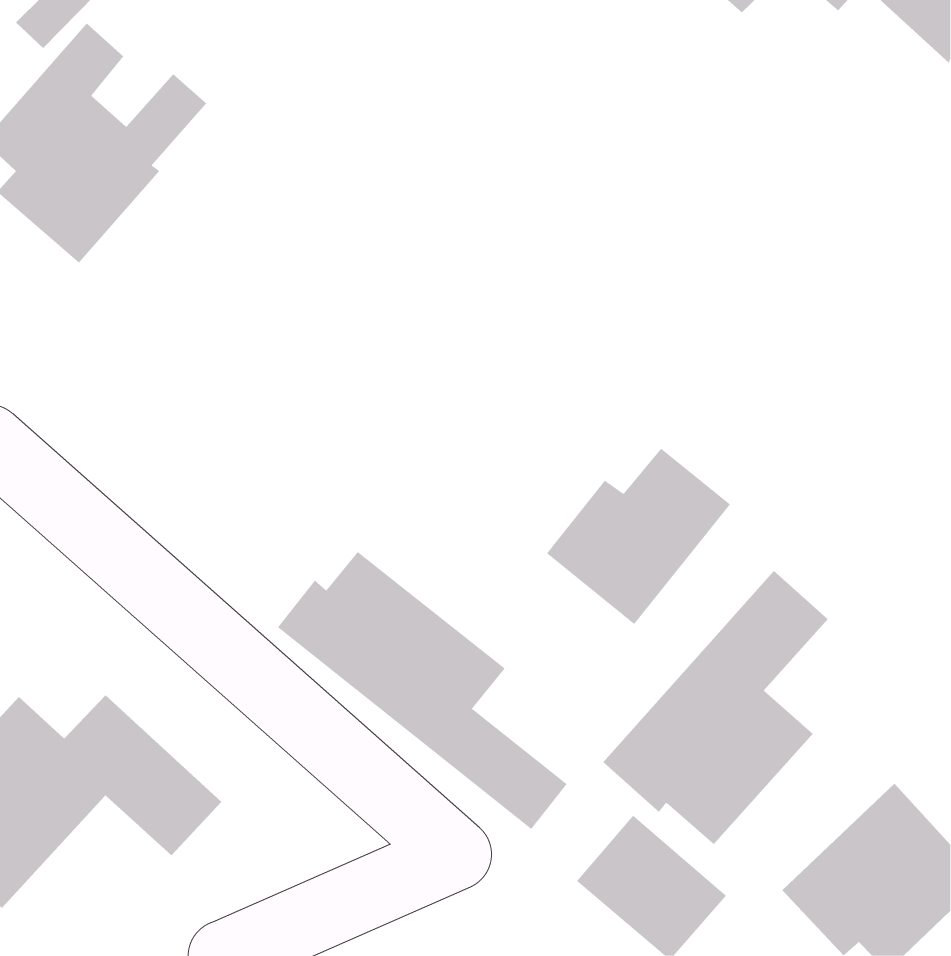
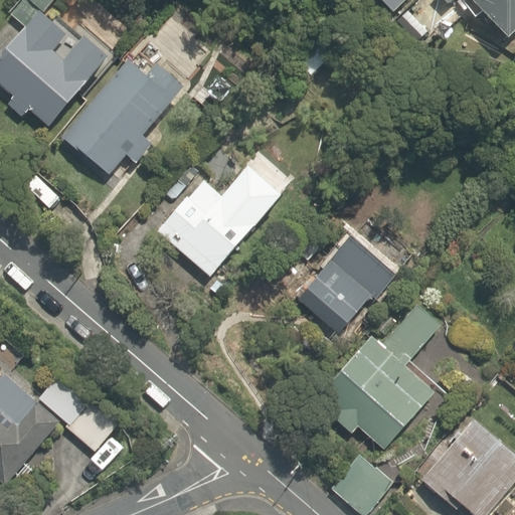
building: none -> [61,56,193,177]
building: none -> [156,141,293,280]
building: [277,551,567,830] -> none

